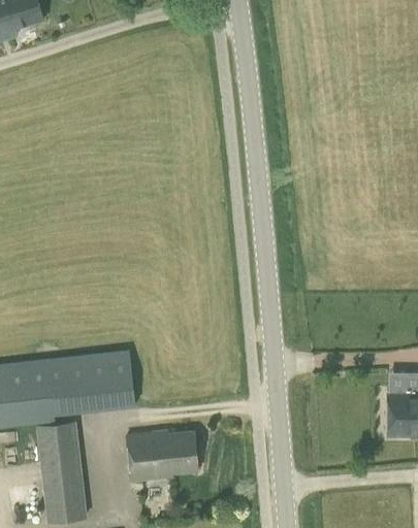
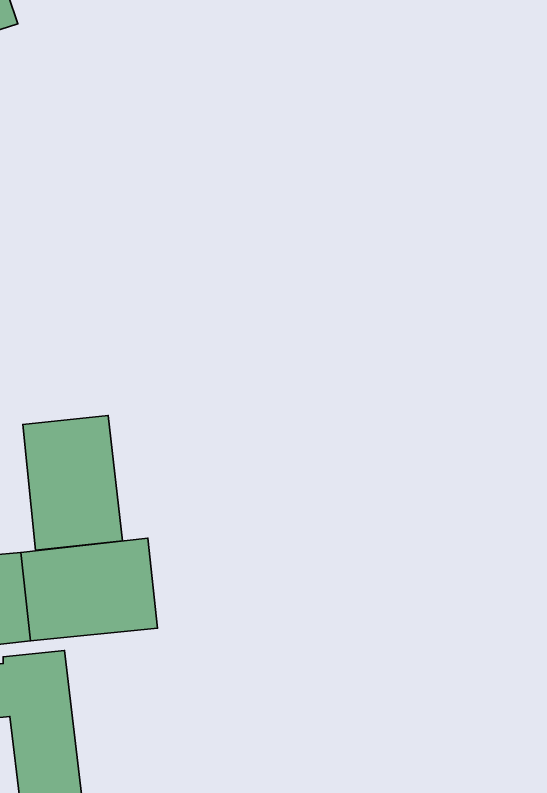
building: none -> [23,416,122,550]
building: [127,432,198,482] -> none

